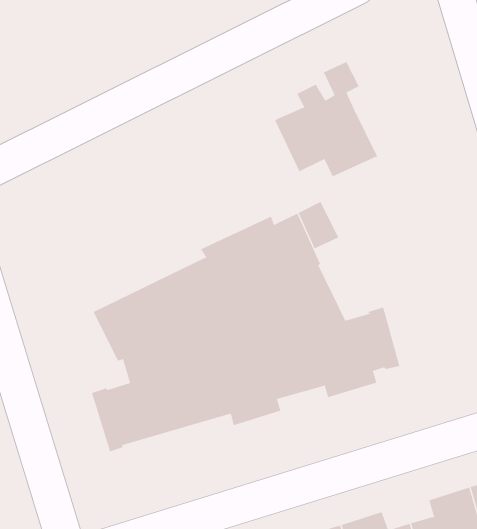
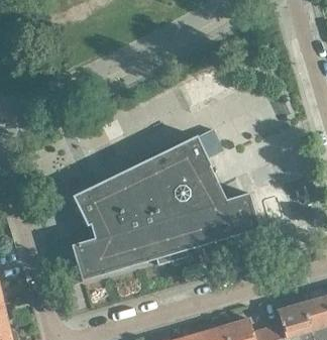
building: [275,61,378,177] -> none

